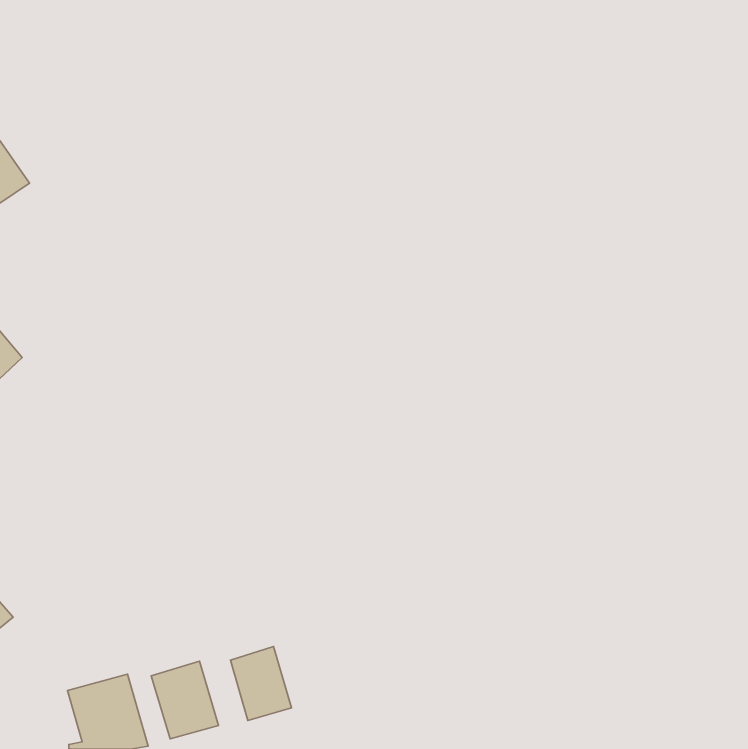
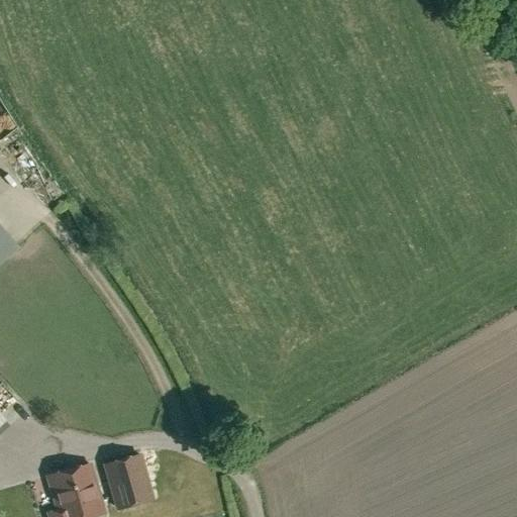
building: [230,646,292,720] -> none

